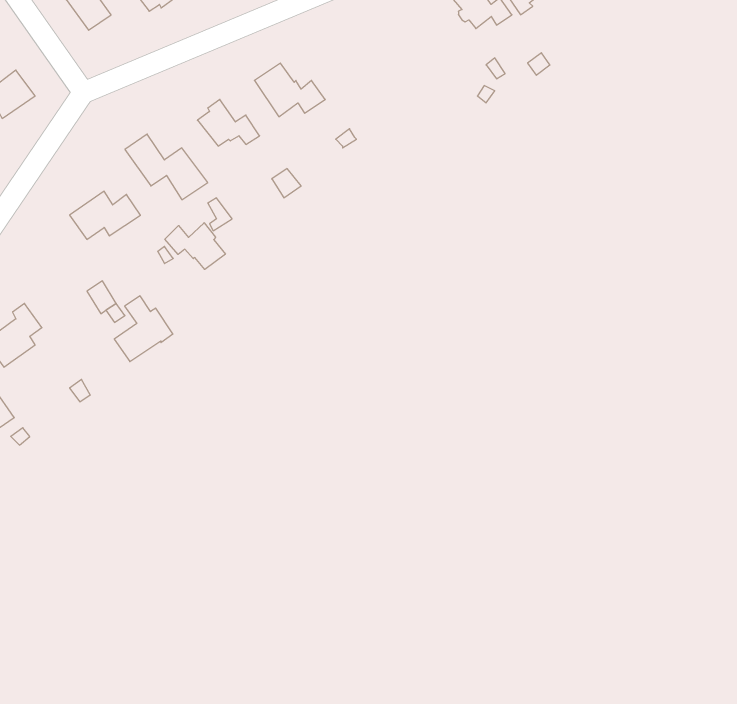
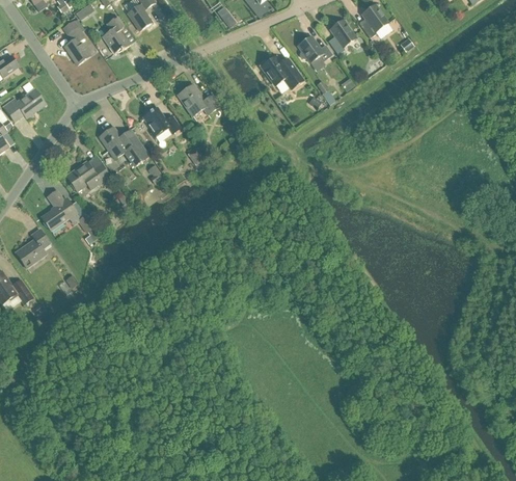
building: none -> [257,55,302,88]
building: [165,223,225,269] -> none
building: [114,296,173,362] -> [40,189,76,229]

